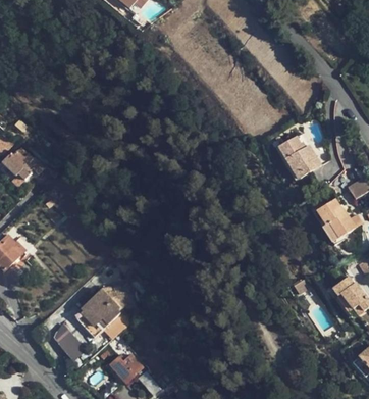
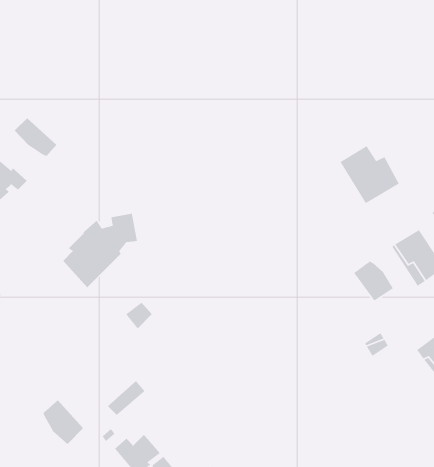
building: none -> [14,118,57,157]
building: none -> [353,261,394,302]
building: [76,282,133,338] -> [62,213,138,288]

